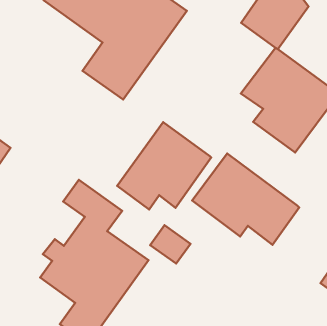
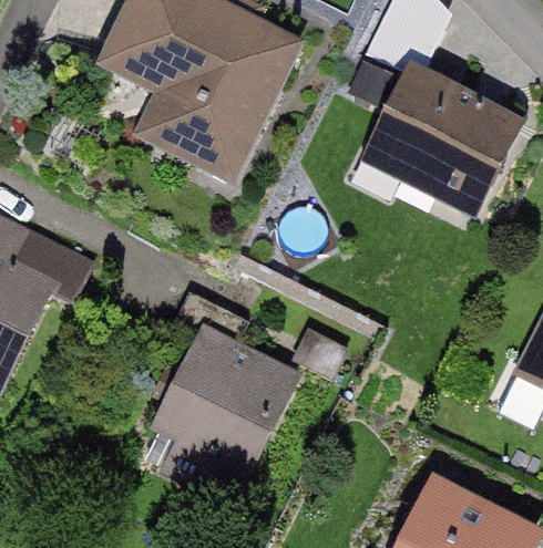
building: [117,122,211,209] -> none
building: [192,153,299,245] -> none

